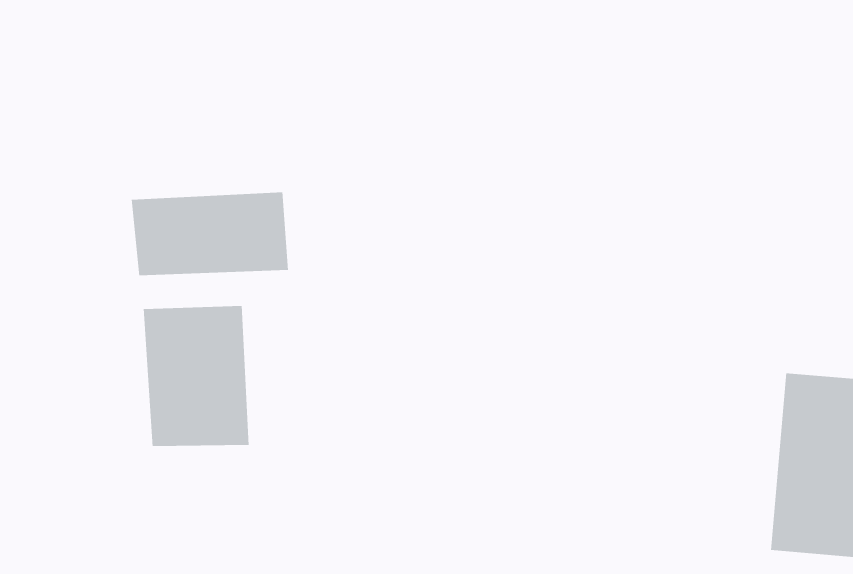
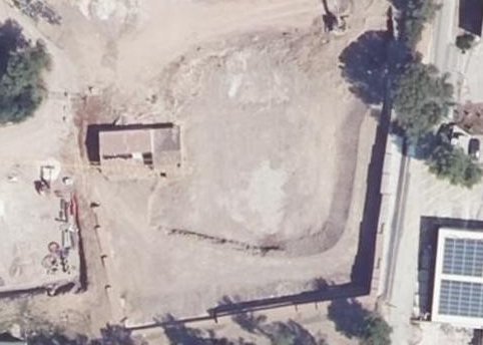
building: [143,305,249,447] -> none

